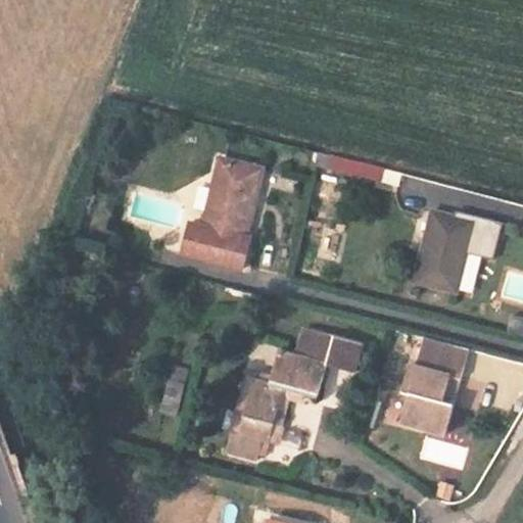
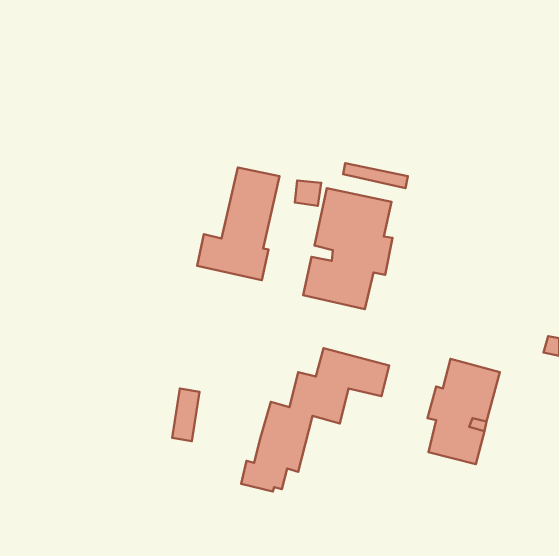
building: none -> [303,188,393,309]
building: [411,212,501,293] -> none

